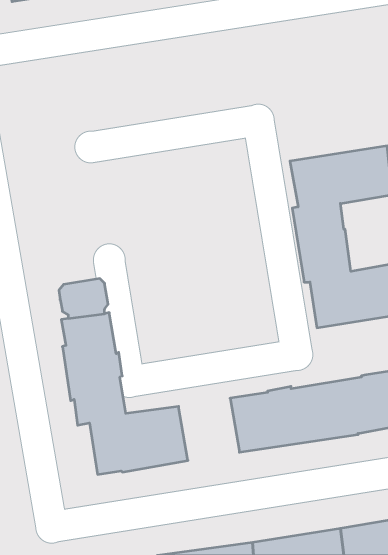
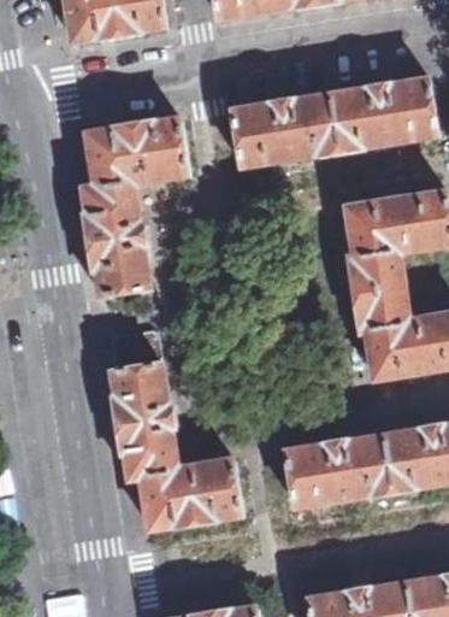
building: none -> [231,78,437,166]
building: none -> [82,118,188,296]

